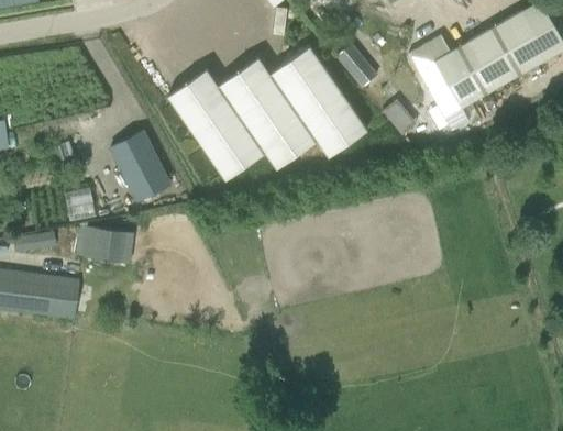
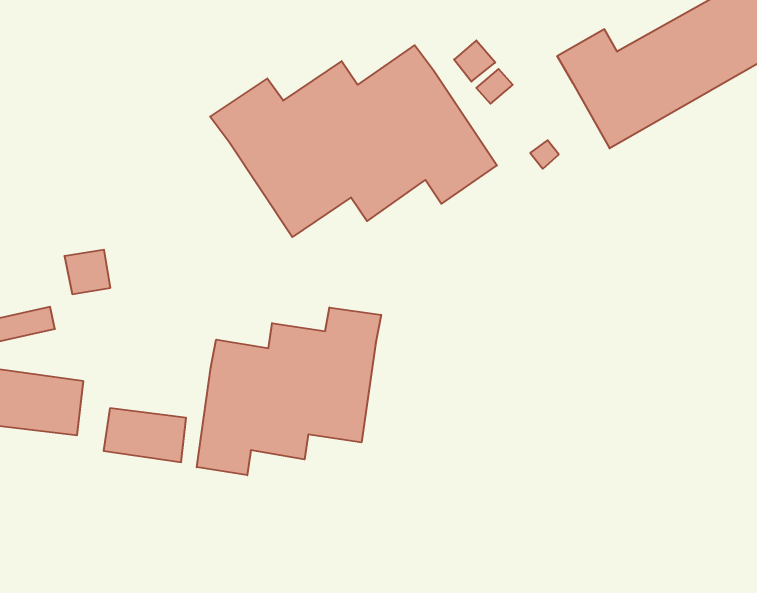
building: [109,130,172,202] -> none
building: [75,226,132,264] -> [104,408,186,462]
building: none -> [197,307,381,475]

